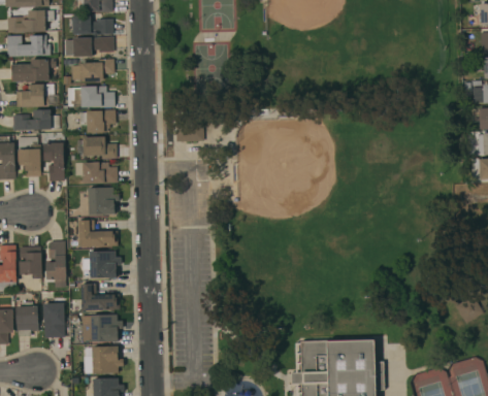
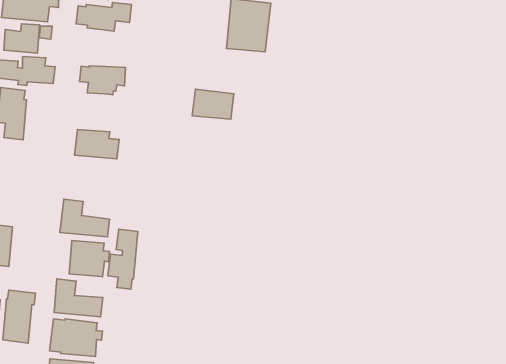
building: [67,86,115,107] -> none
building: [43,135,64,182] -> none
building: [76,136,117,159] -> none
building: [88,187,119,214] -> none
building: [45,241,66,288] -> [108,229,138,289]

